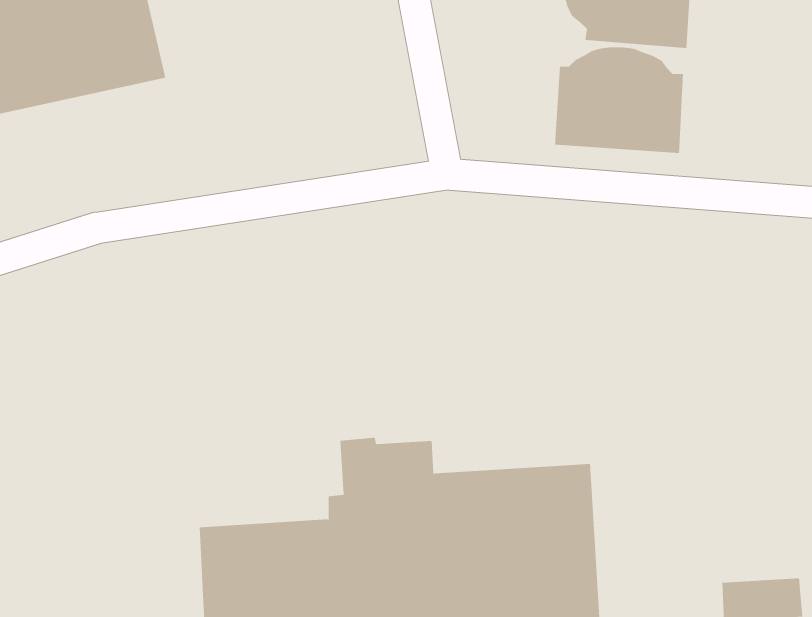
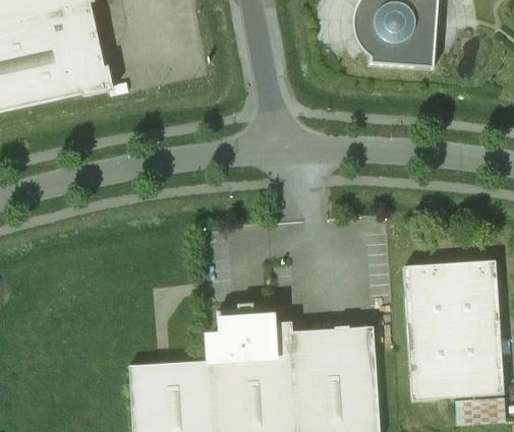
building: [554,47,683,154] -> none
building: none -> [403,261,503,402]

